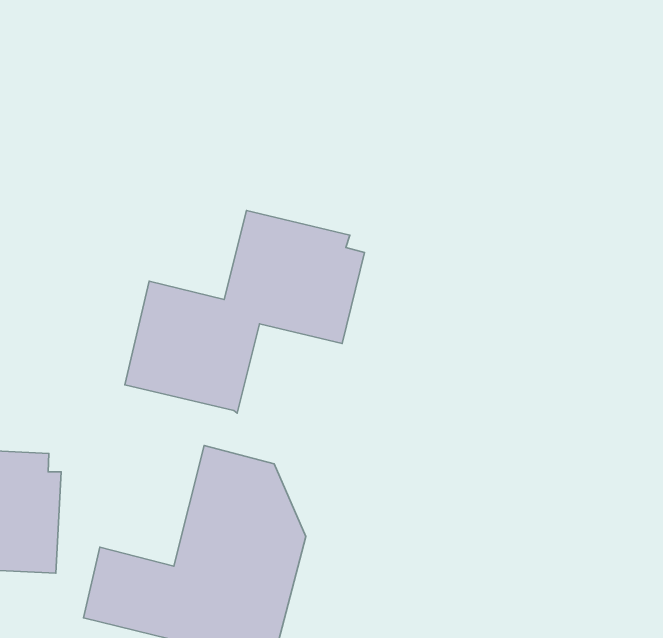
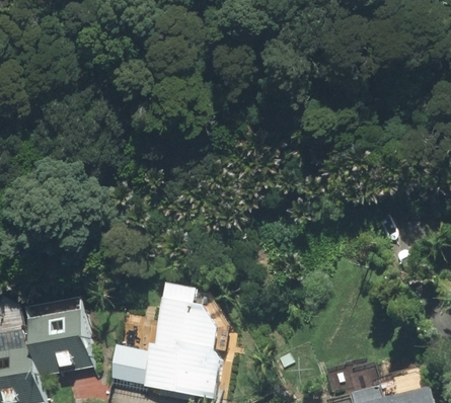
building: [125,210,364,413] -> none

